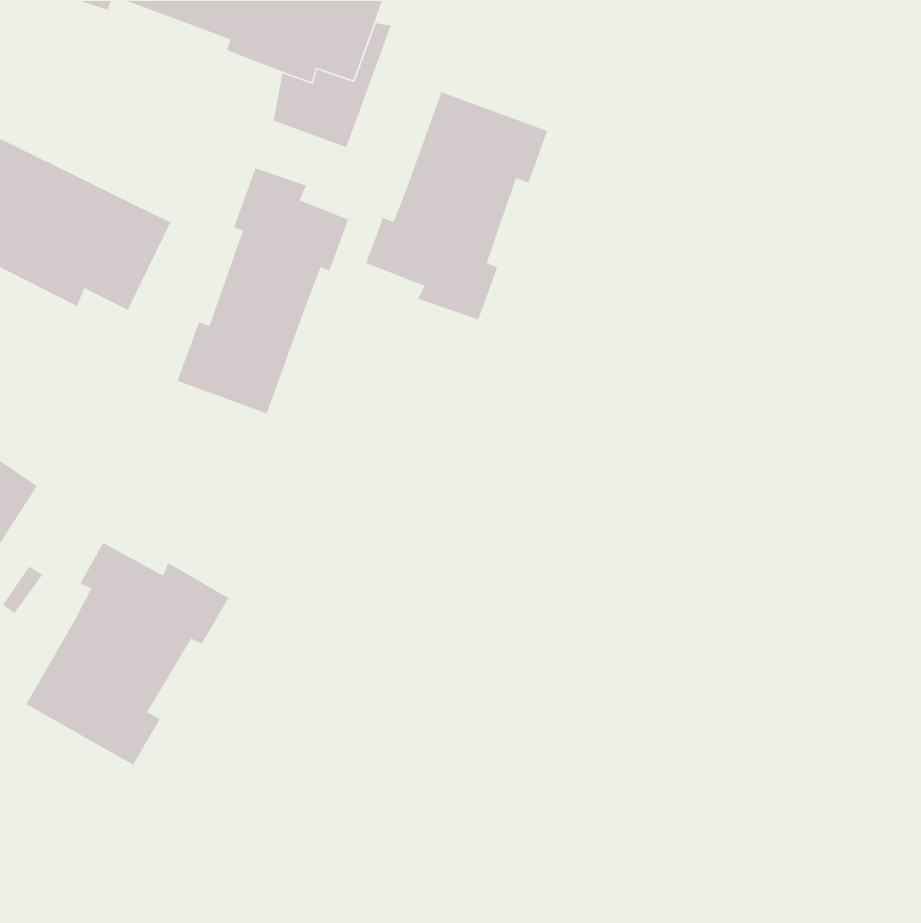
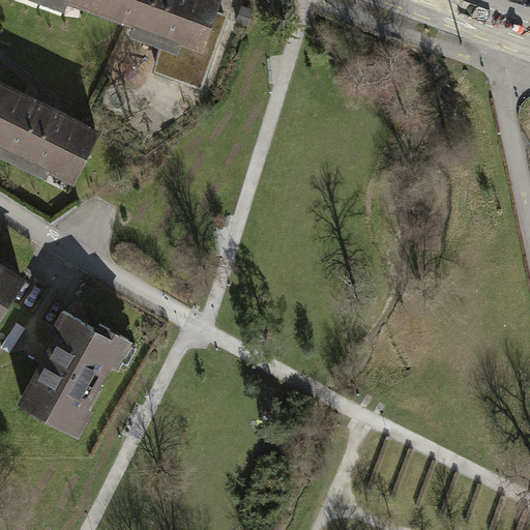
building: [365,91,548,320] -> none
building: [177,167,349,415] -> none

